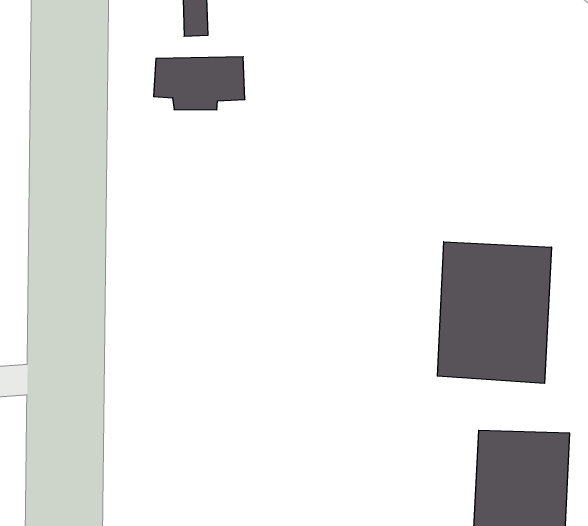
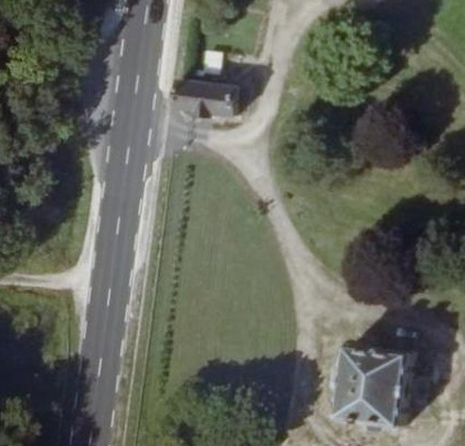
building: [437,242,551,383] -> none

